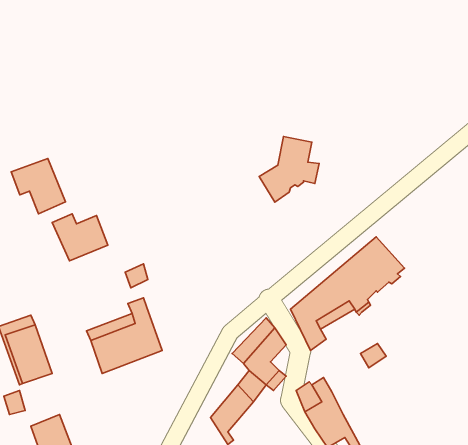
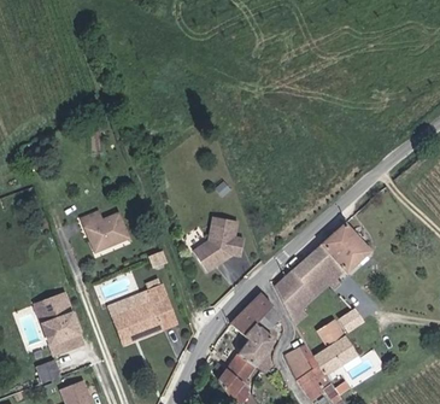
building: [259,137,319,202] -> [195,221,246,276]
building: [11,159,66,214] -> none
building: none -> [316,326,359,377]

